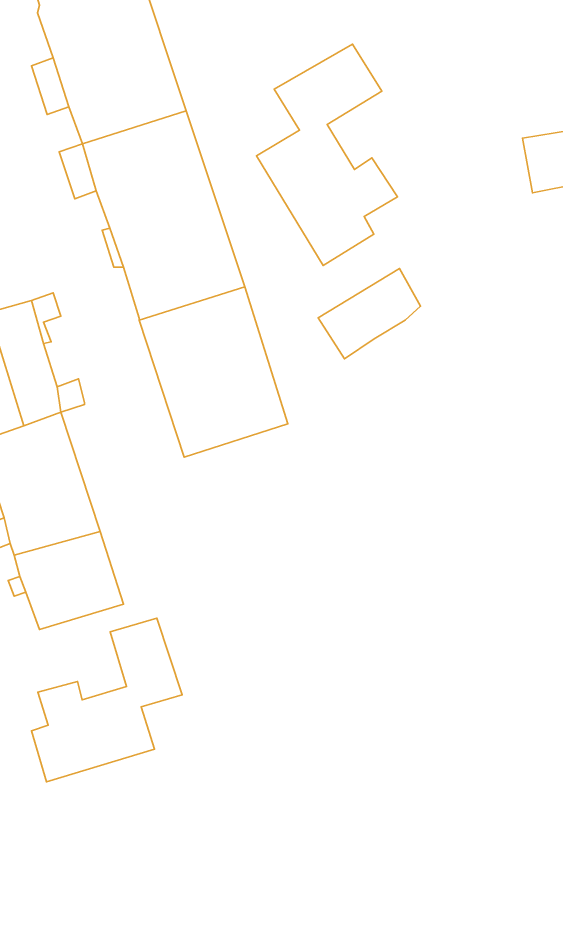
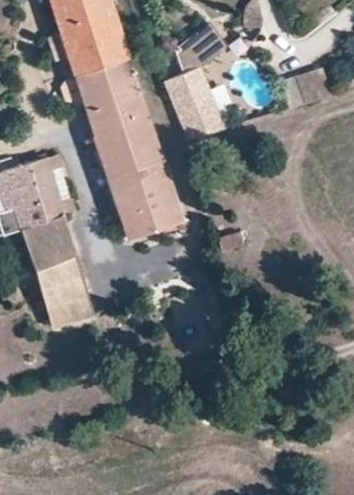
building: [318,269,420,359] -> none
building: [31,618,182,782] -> none

